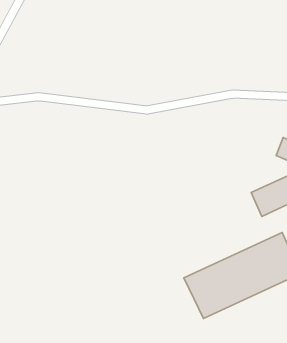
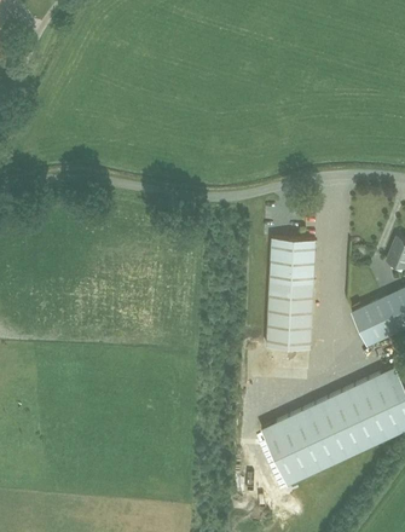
building: none -> [266,238,314,349]

